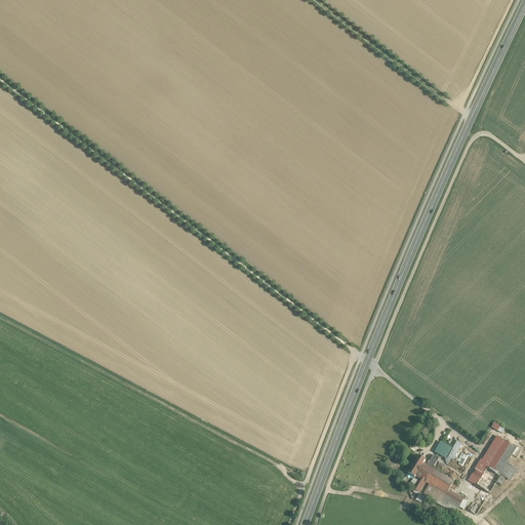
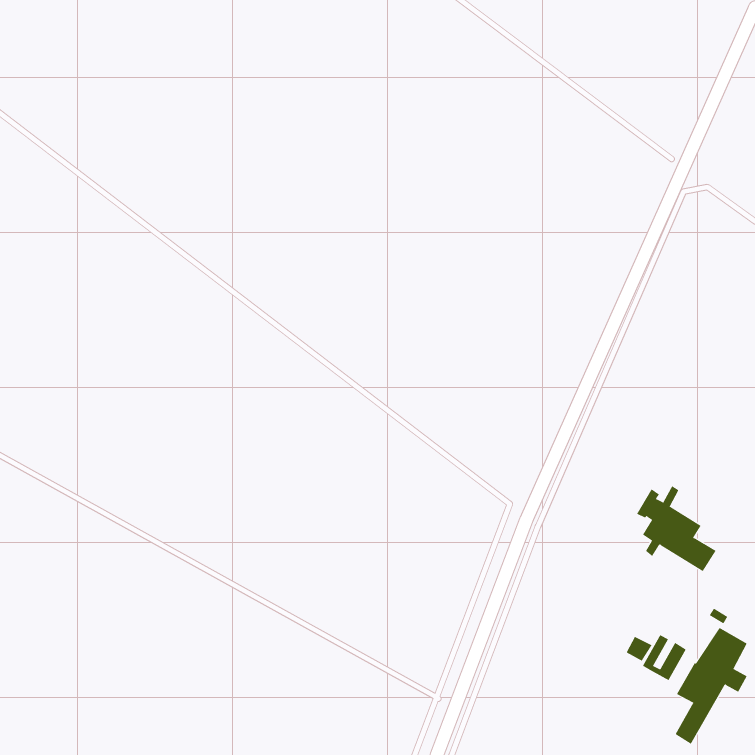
building: [406,452,461,512] -> [636,486,716,572]

